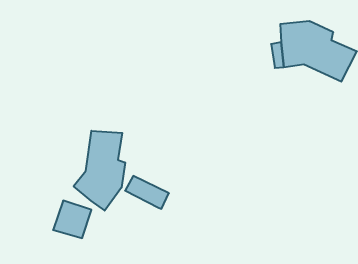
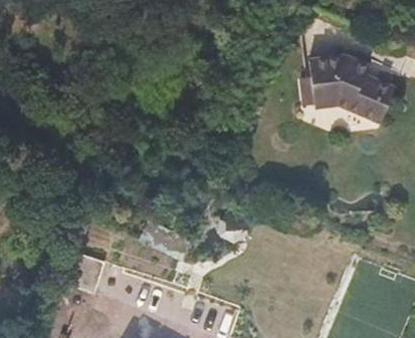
building: [74,131,125,211] -> none

